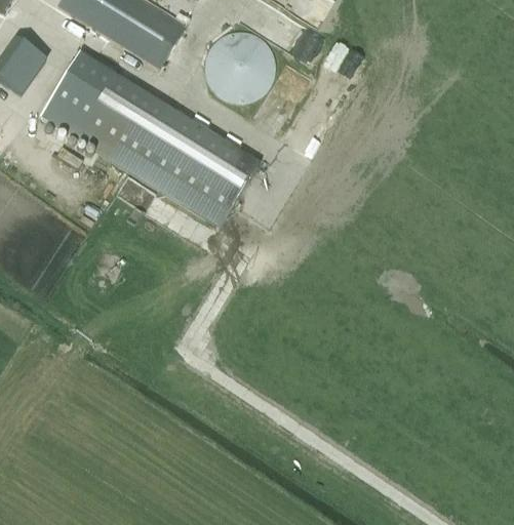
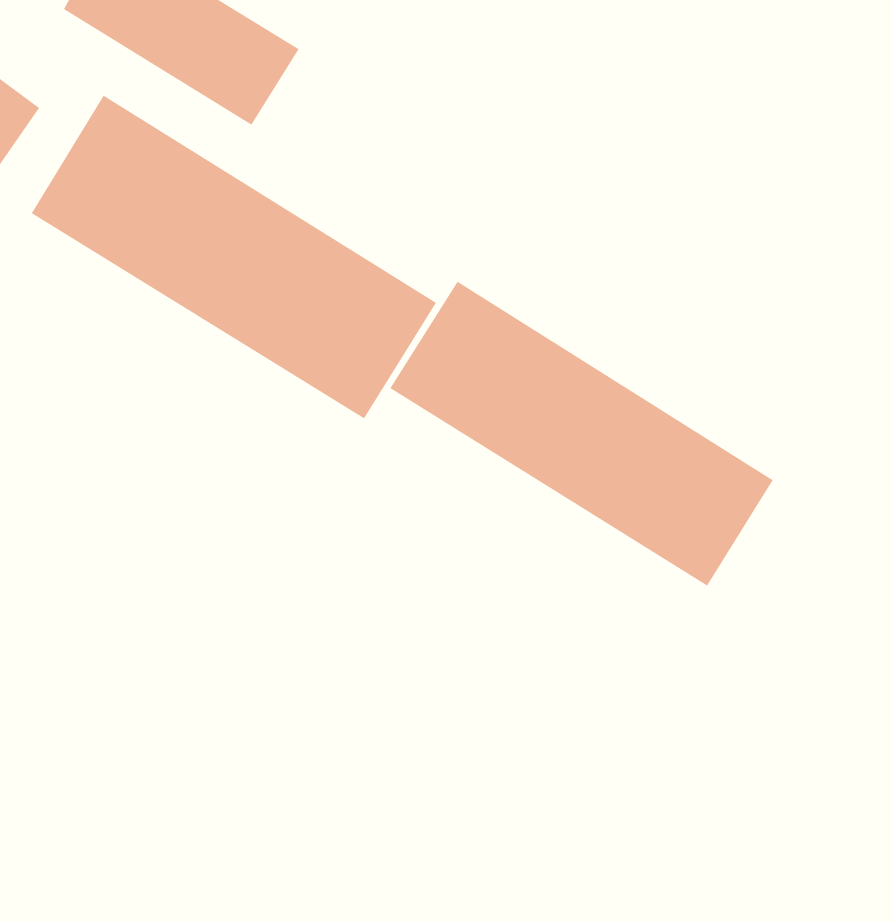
building: [205,31,270,96] -> none
building: none -> [389,281,773,586]

